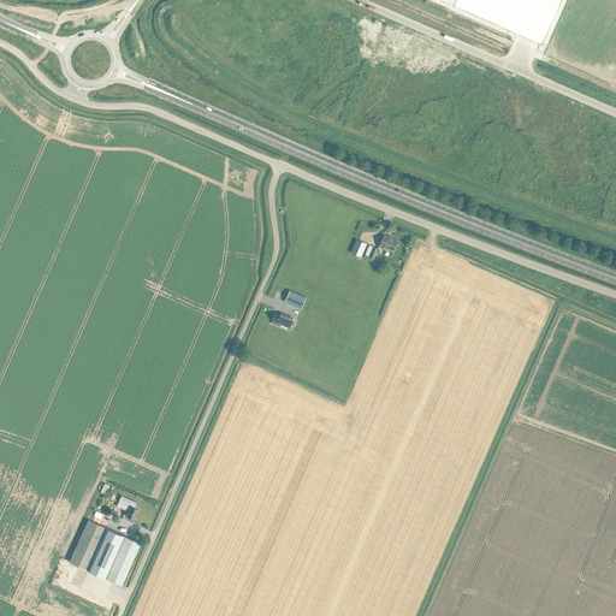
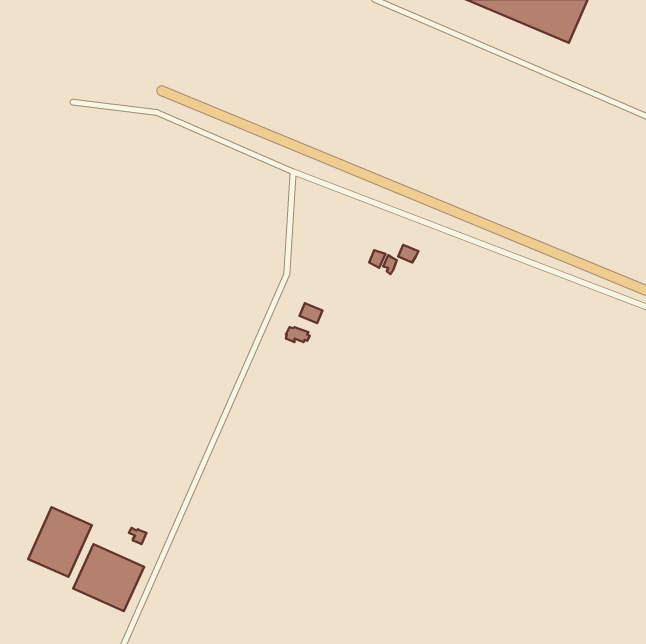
building: none -> [28,507,92,577]

